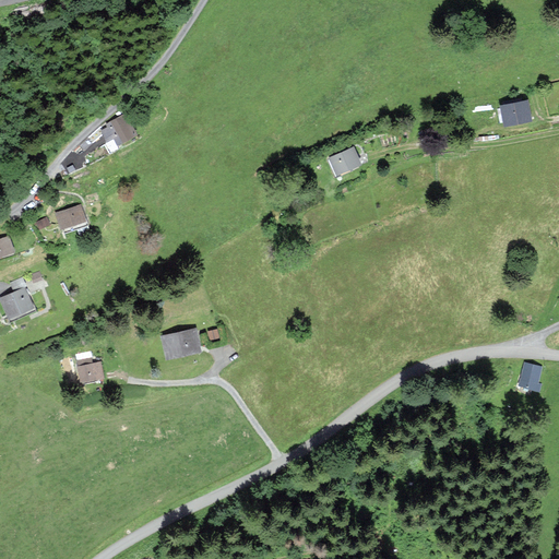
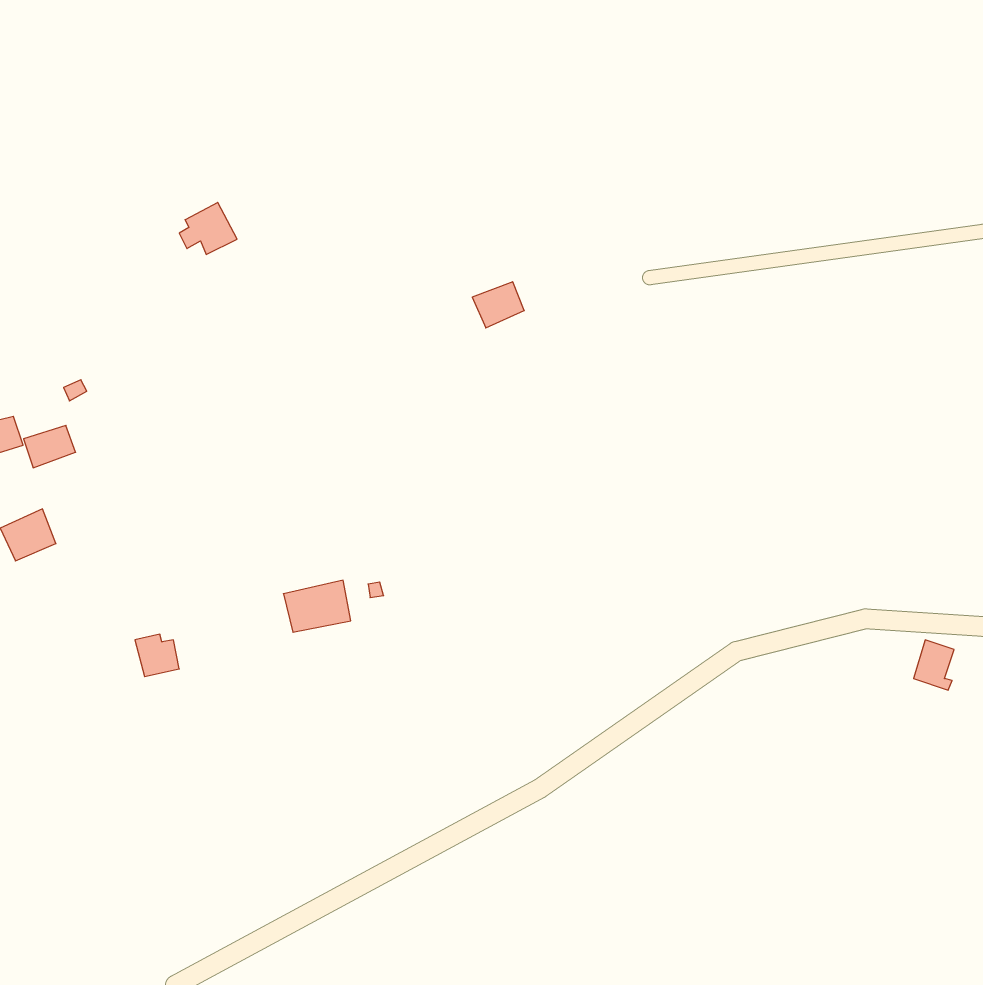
building: [501,102,530,126] -> none
building: [330,148,359,175] -> [472,282,524,328]
building: [56,205,85,229] -> [24,425,76,468]

